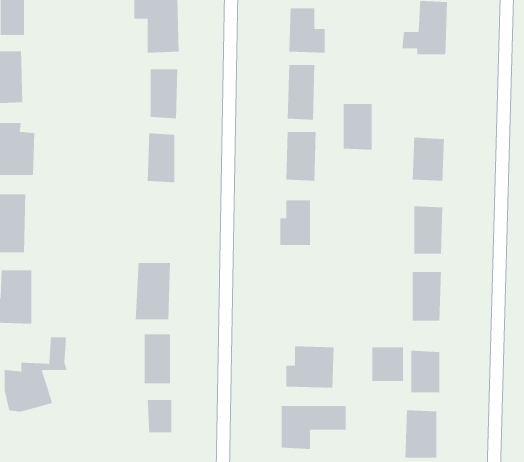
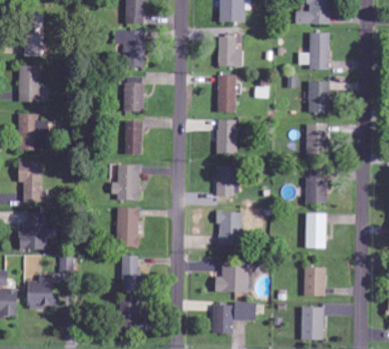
building: [343,103,372,151] -> [306,81,326,113]
building: none -> [113,165,143,199]
building: none -> [219,212,243,246]
building: [371,346,404,382] -> none

